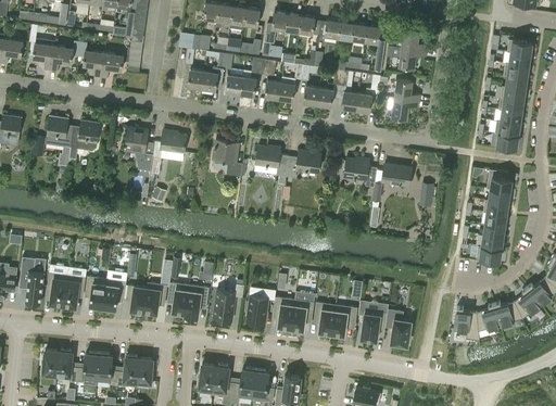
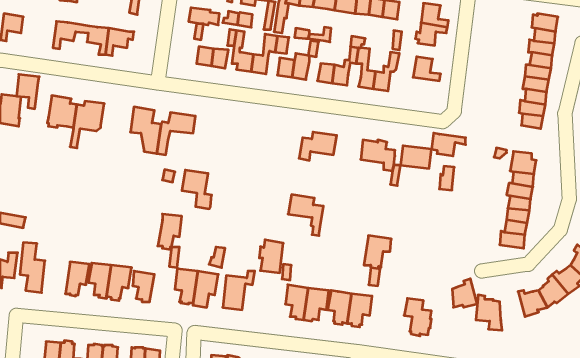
building: [34,38,55,71] -> [16,74,39,109]
building: [387,98,419,119] -> [431,133,466,156]
building: [214,140,242,177] -> [182,170,212,209]
building: [255,145,289,185] -> [288,195,323,236]
building: [47,272,67,305] -> none
building: [143,281,166,315] -> [158,214,182,249]
building: [244,293,267,325] -> [259,240,283,273]
building: [477,303,501,330] -> [452,279,477,307]
building: [361,310,387,342] -> [364,236,391,269]

